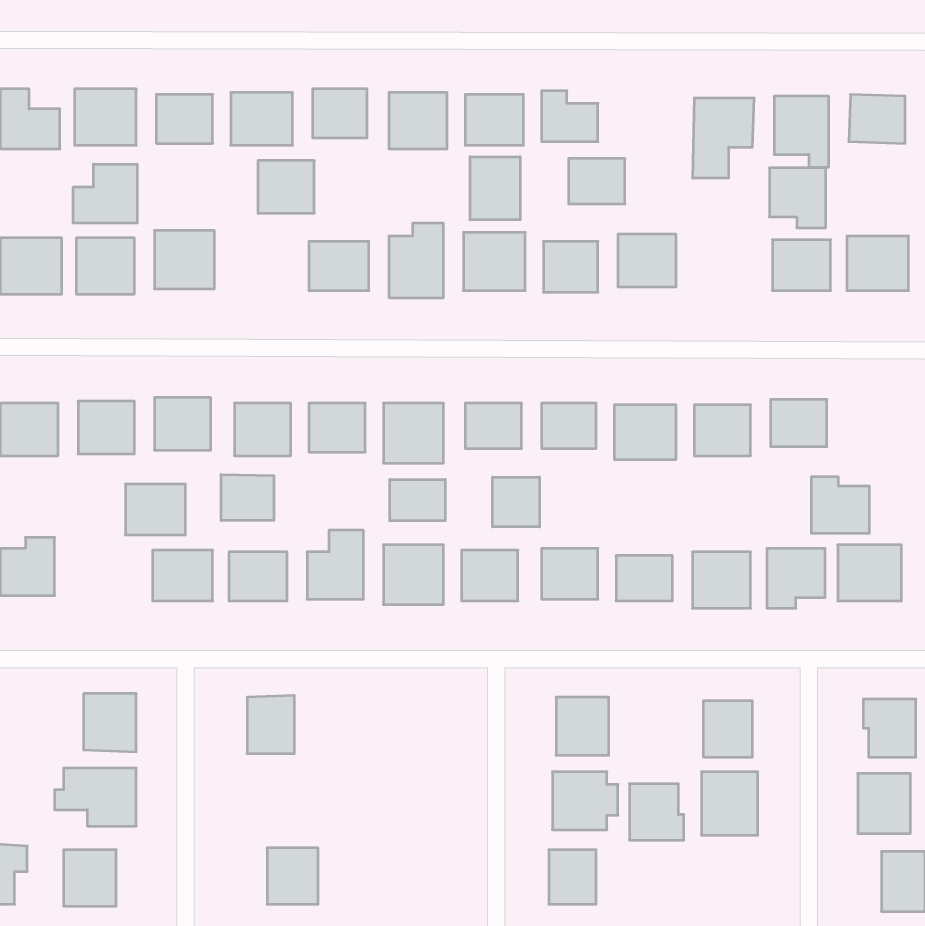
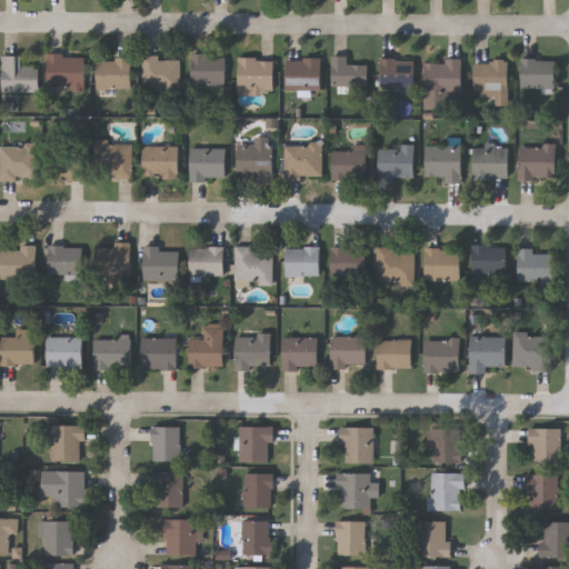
building: [470,157,520,220] -> none
building: [569,159,625,204] -> [379,60,413,88]
building: [258,161,314,213] -> [142,147,177,179]
building: [73,164,137,223] -> none
building: [769,168,826,228] -> [426,147,460,183]
building: [221,474,274,521] -> none
building: [811,477,869,533] -> [517,248,552,282]
building: [493,477,540,527] -> none
building: [390,479,445,521] -> none
building: [125,484,185,535] -> [46,337,82,368]
building: none -> [239,428,272,462]
building: none -> [151,472,181,508]
building: none -> [242,473,271,509]
building: [629,784,684,840] -> [417,522,450,557]
building: none -> [241,520,271,555]

